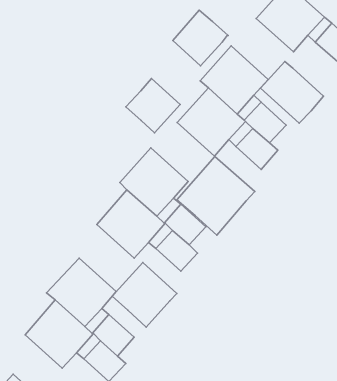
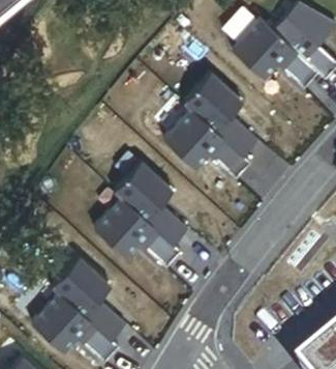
building: [173,10,228,66] -> none
building: [260,61,323,123] -> none
building: [126,79,180,133] -> none
building: [177,156,255,235] -> none
building: [112,262,177,327] -> none

